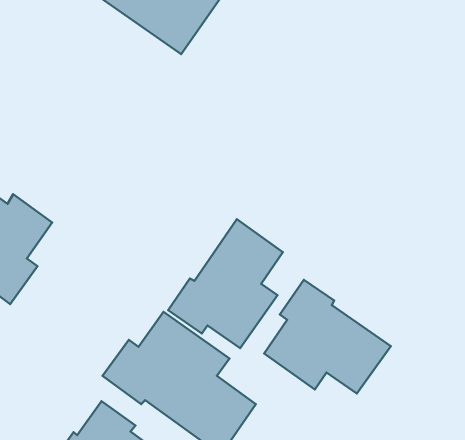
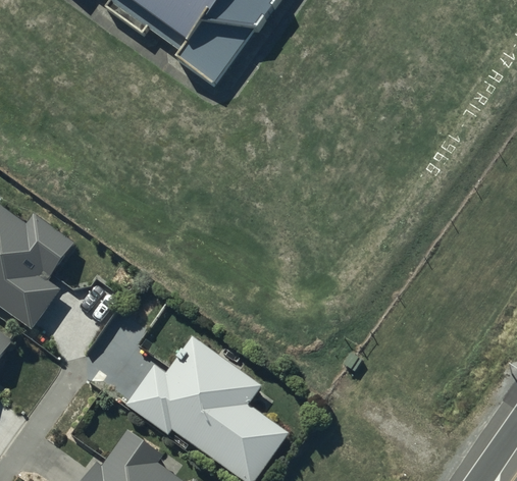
building: [168,219,283,348] -> none
building: [264,280,391,393] -> none

